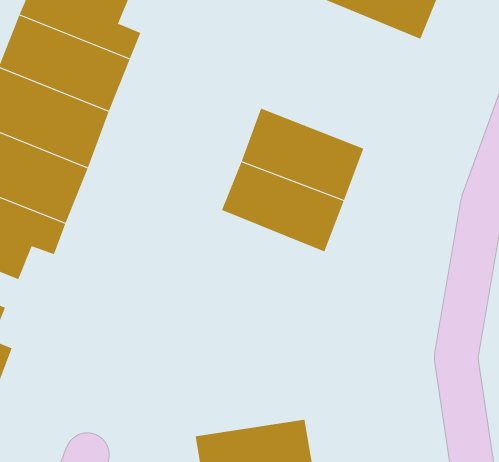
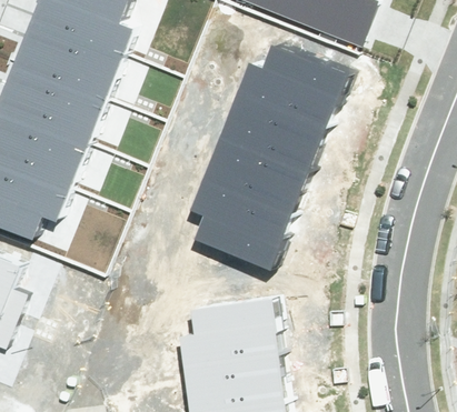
building: none -> [237,47,346,128]
building: none -> [190,180,291,269]
building: none -> [176,301,275,371]

